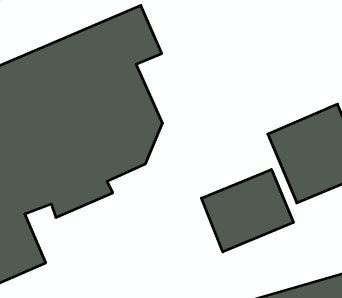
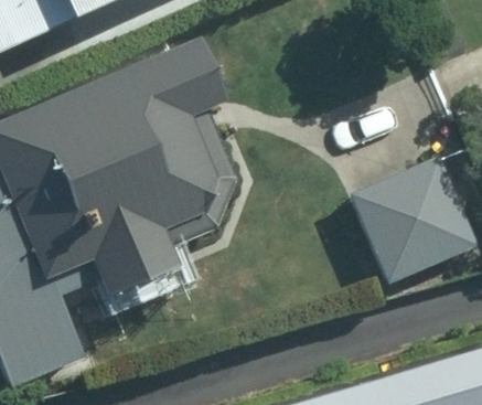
building: [201,169,293,252] -> none

